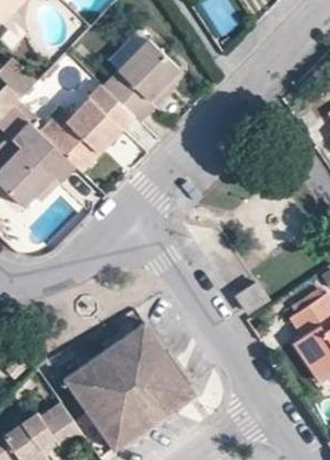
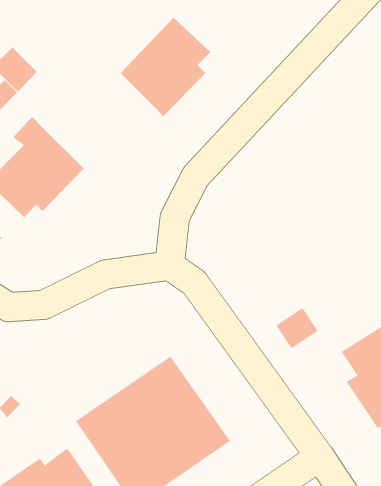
building: [39,83,134,172] -> none

